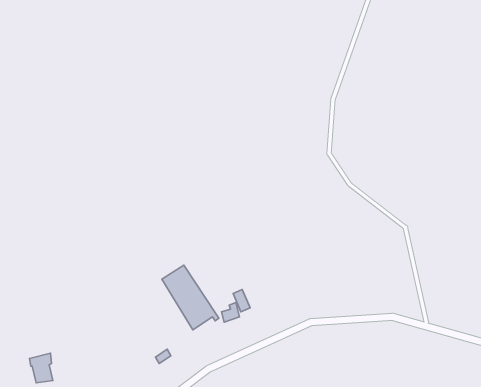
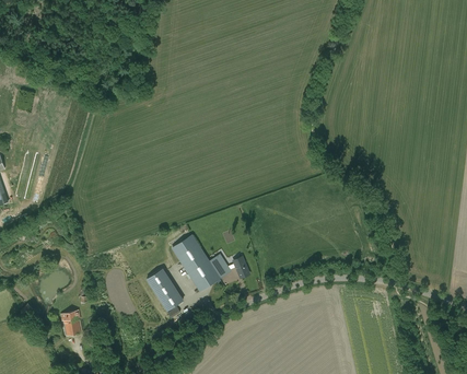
building: none -> [147,268,183,311]

